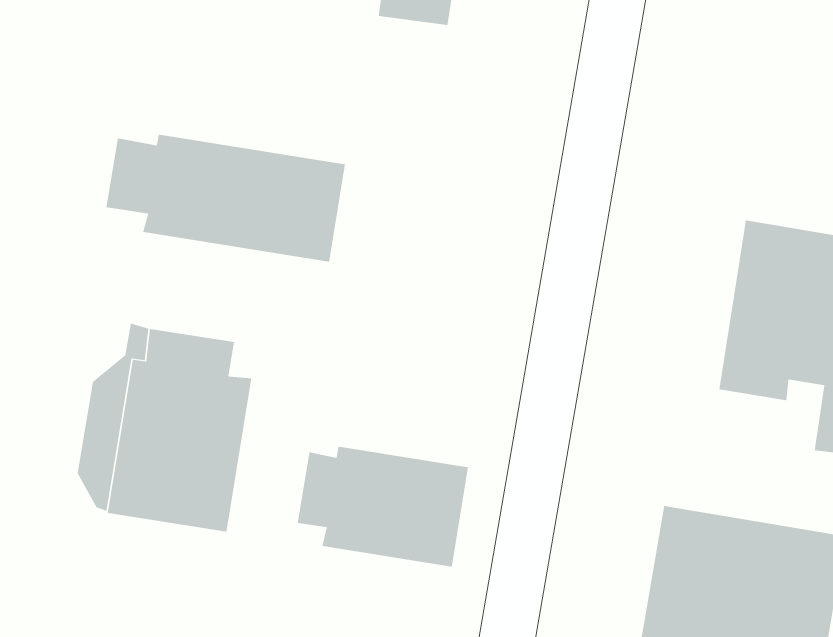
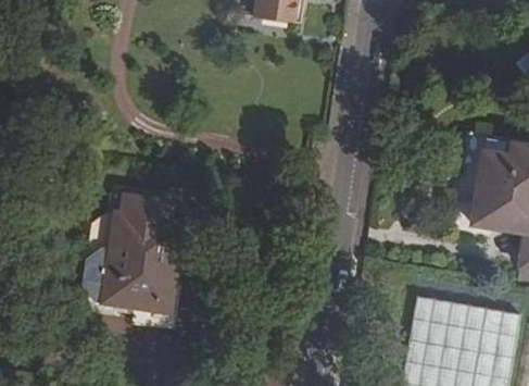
building: [106,134,346,263] -> none
building: [297,446,468,568] -> none

